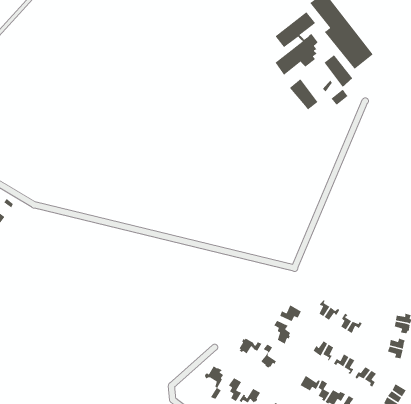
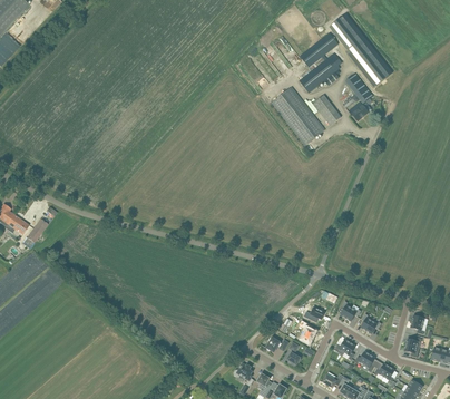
building: none -> [272,87,325,145]

